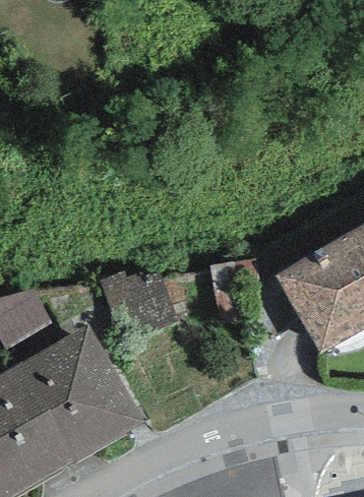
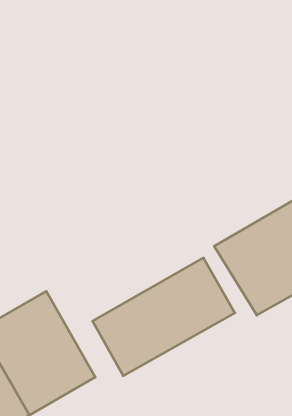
building: none -> [93,258,235,376]

